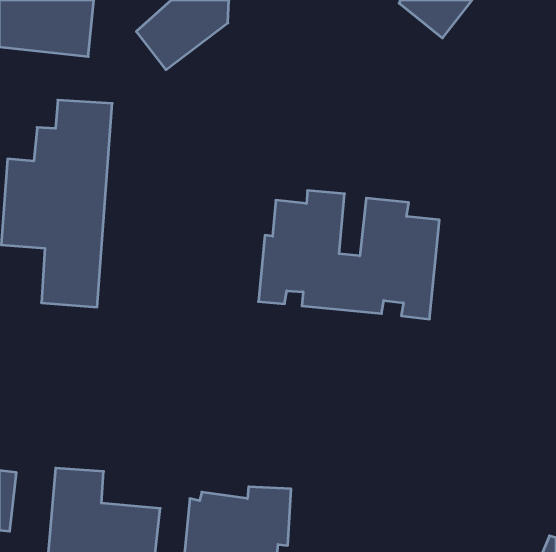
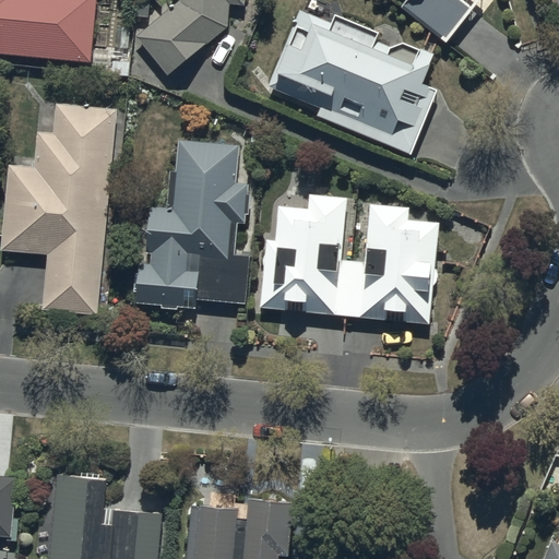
building: none -> [265,9,436,154]
building: none -> [133,142,249,310]

